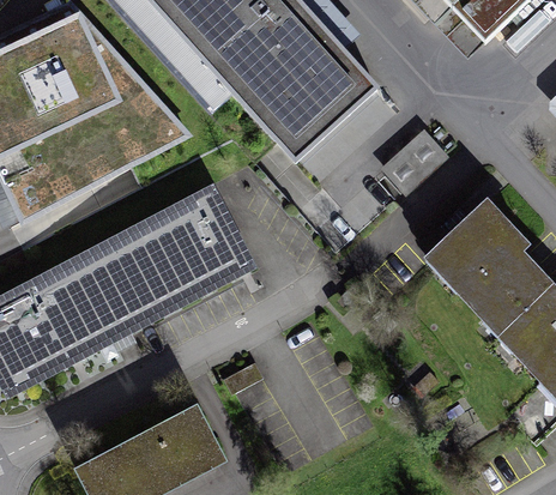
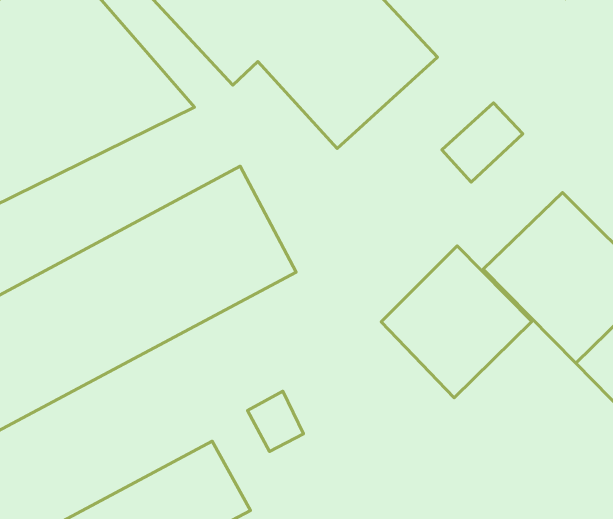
building: none -> [381,246,532,398]

